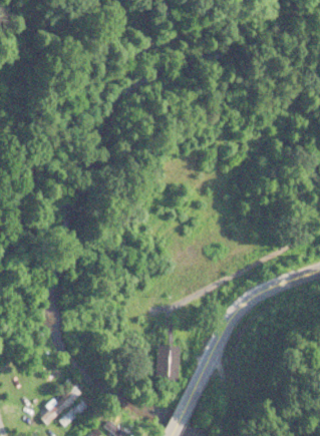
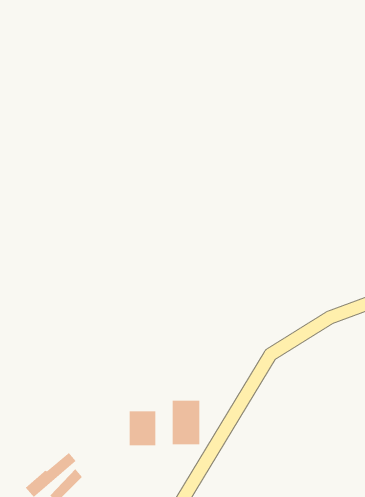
building: none -> [129,411,156,446]

